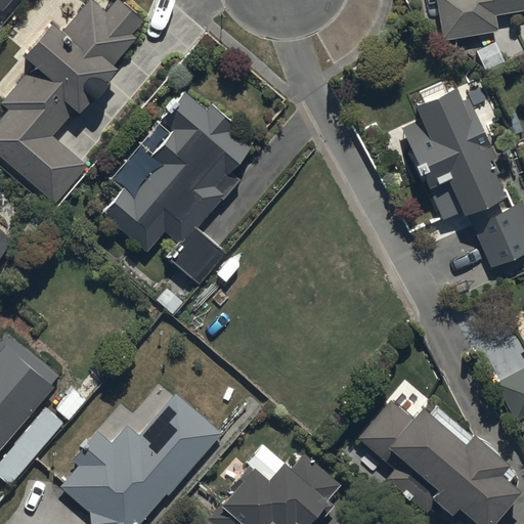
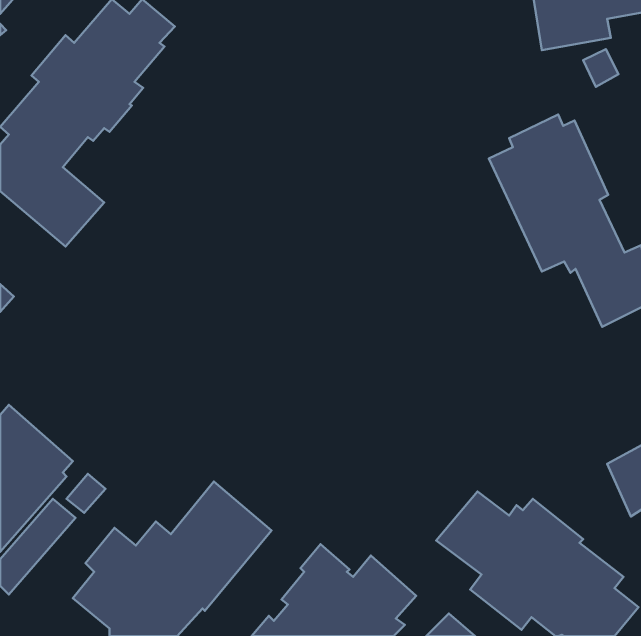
building: [103,92,253,285] -> none

